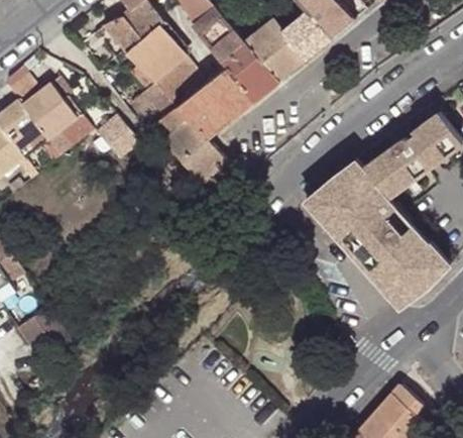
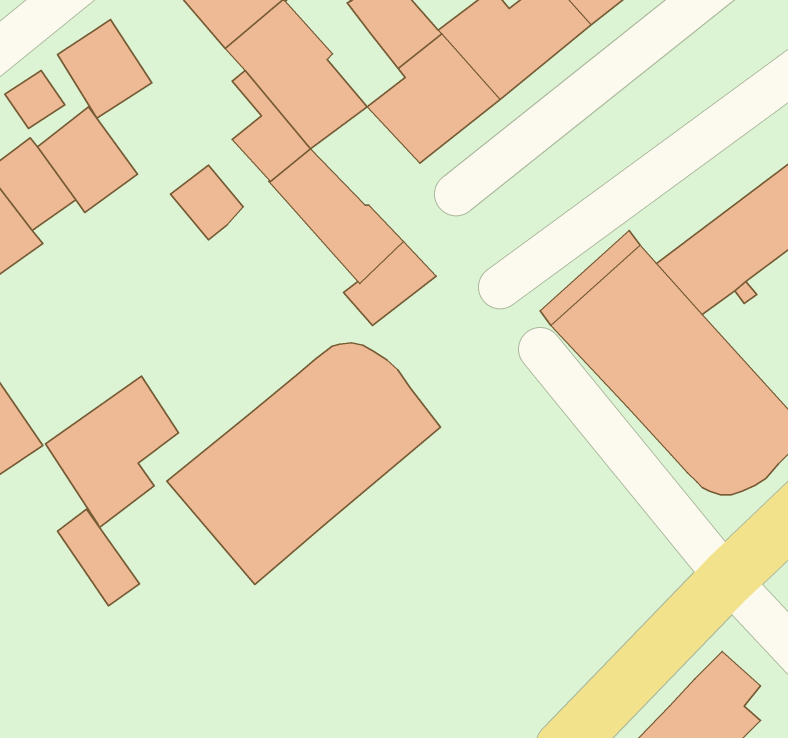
building: none -> [58,20,152,118]
building: [173,84,234,138] -> none
building: none -> [167,343,440,585]
building: none -> [45,376,179,527]

